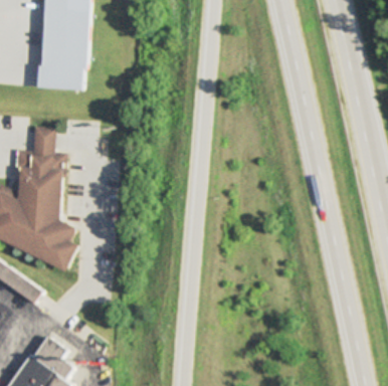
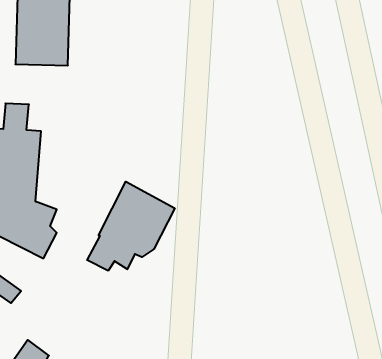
building: none -> [87,182,175,271]

